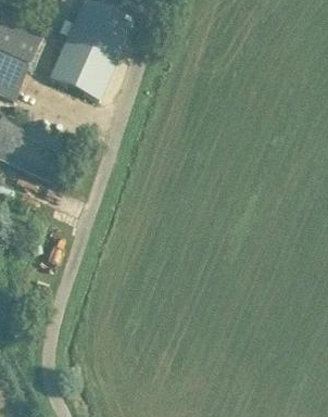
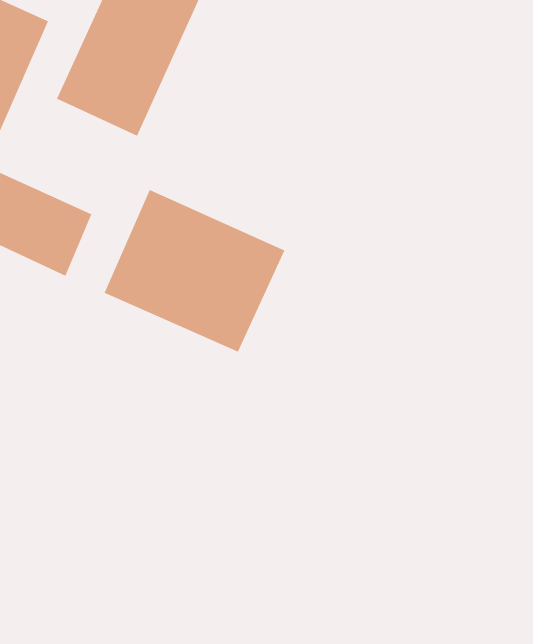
building: none -> [104,189,285,353]

